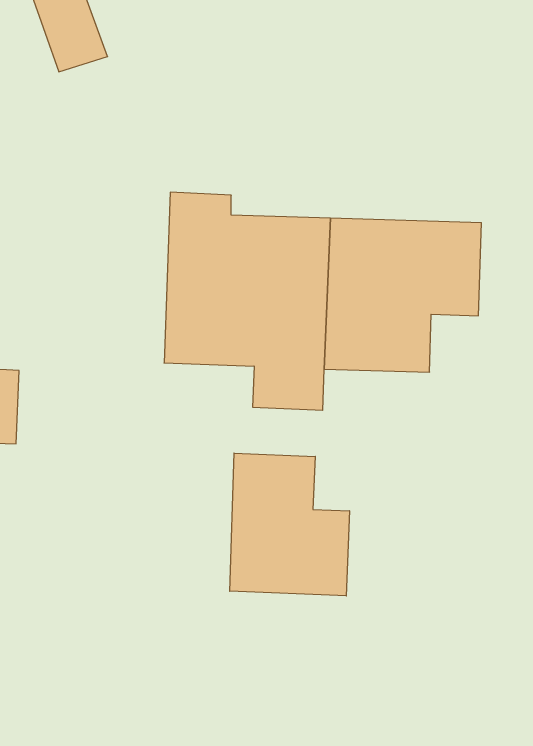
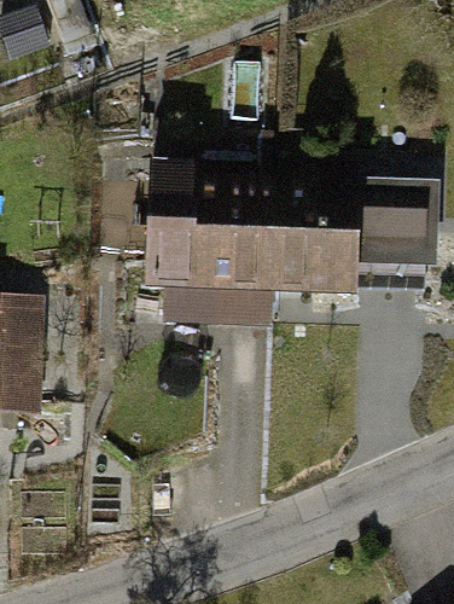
building: [230,453,349,596] -> none

